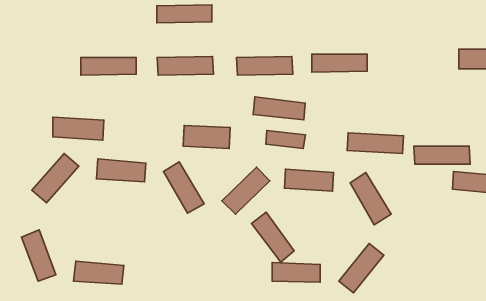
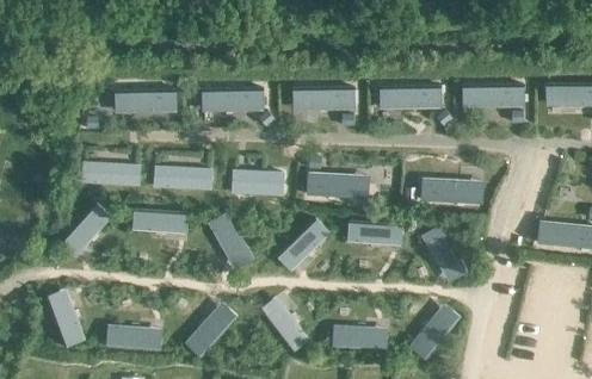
building: [157,5,212,23] -> none
building: [253,97,305,120] -> none
building: none -> [153,164,212,190]
building: [414,146,470,164] -> [460,87,524,107]
building: [251,212,294,262] -> [259,296,308,353]
building: none -> [184,302,238,358]

